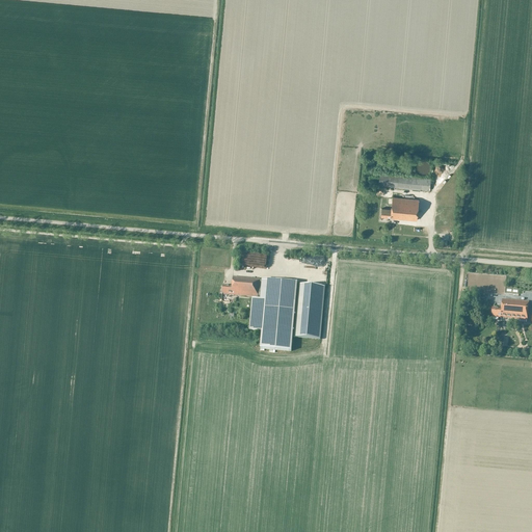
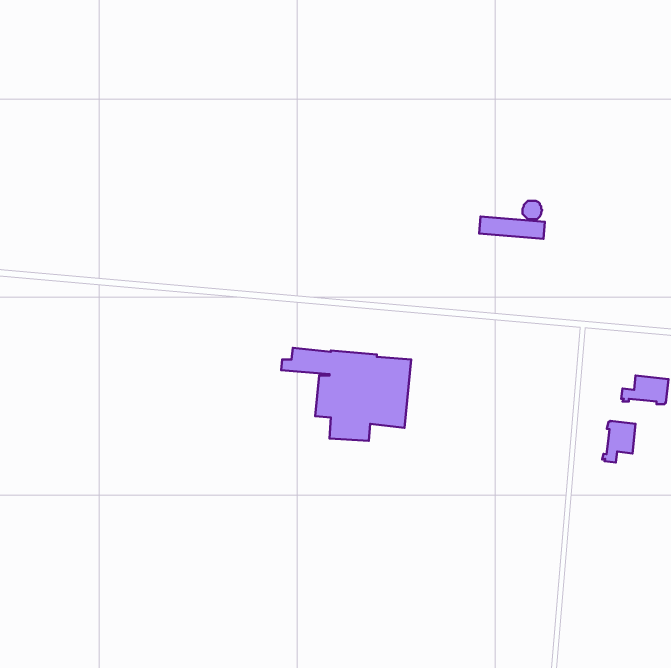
building: [380,195,419,218] -> none
building: none -> [602,421,635,462]

